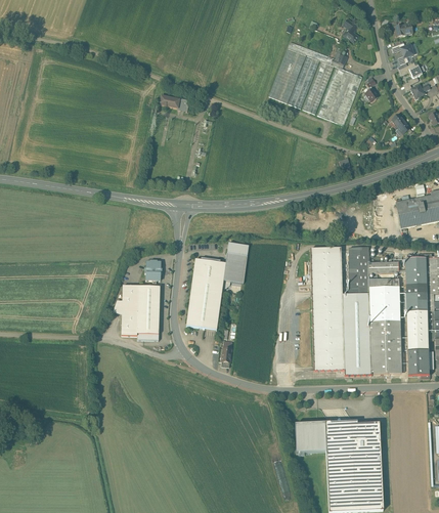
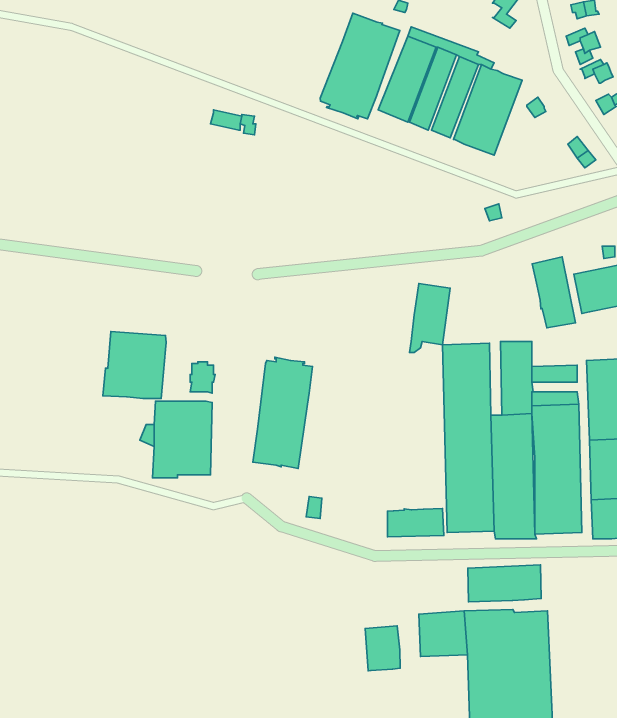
building: none -> [320,13,400,119]
building: none -> [532,257,576,328]
building: none -> [103,332,166,399]
building: [222,243,249,288] -> [409,284,450,353]
building: none -> [387,508,444,537]
building: none -> [468,565,541,602]
building: none -> [365,626,400,671]

